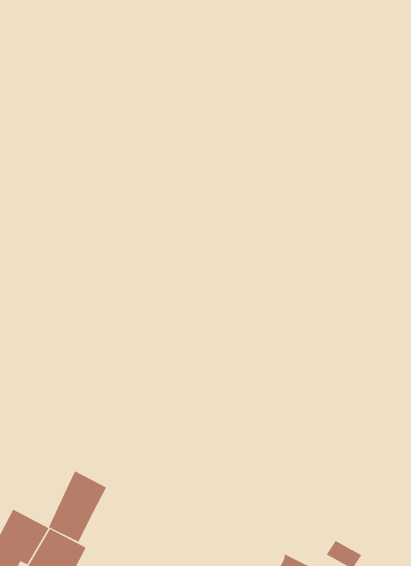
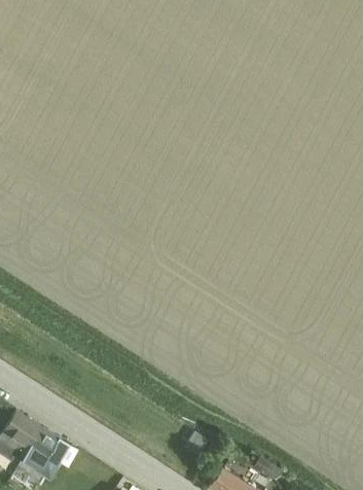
building: [48,471,107,543] -> none

